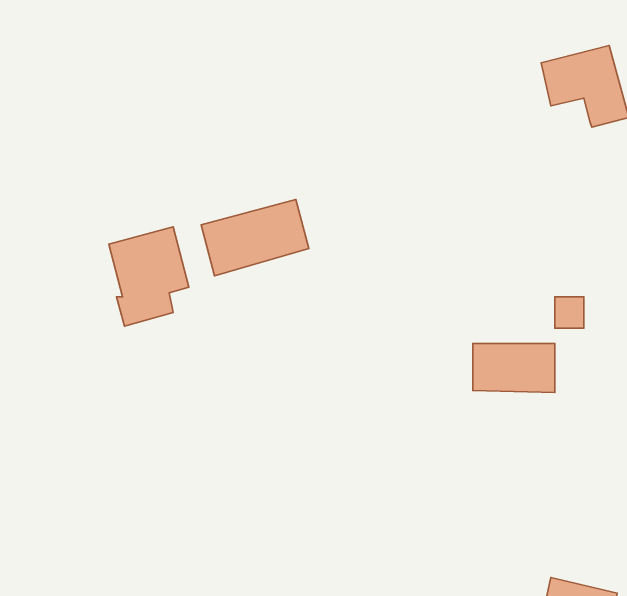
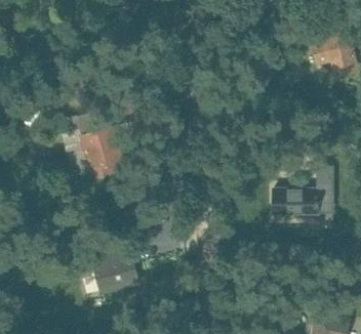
building: [201,200,309,276] -> none
building: none -> [92,252,142,295]

